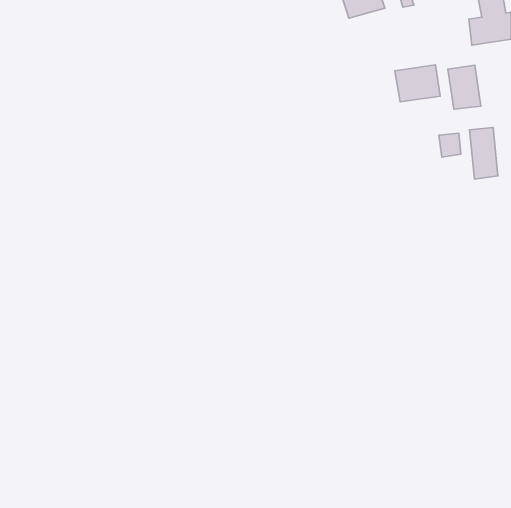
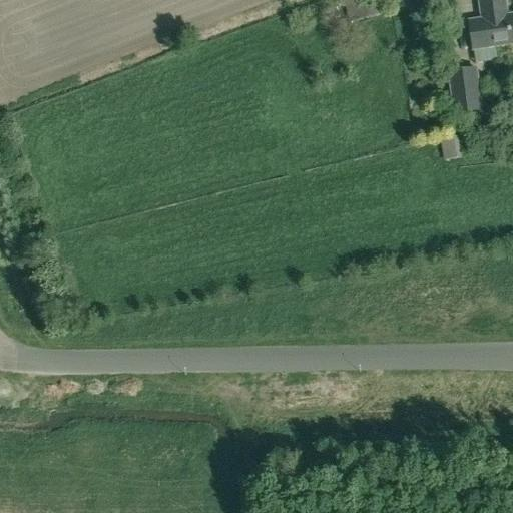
building: [395,65,440,102] -> none
building: [470,128,498,179] -> none

